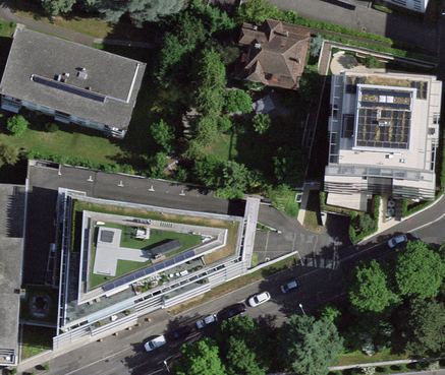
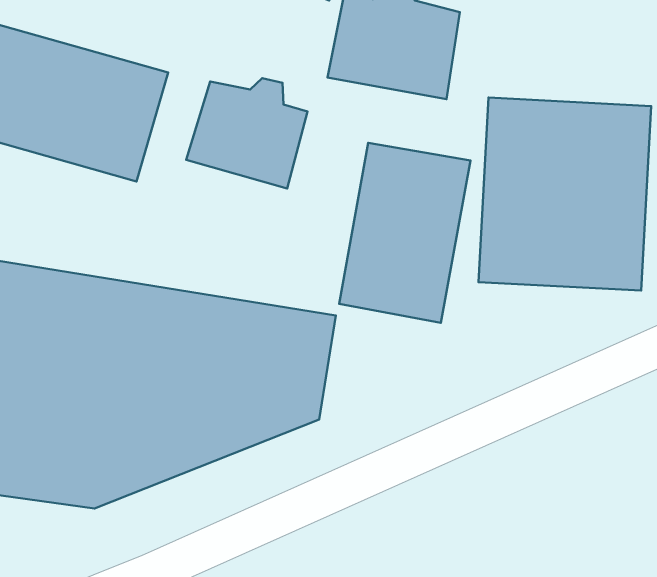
building: none -> [186,78,308,188]
building: none -> [339,143,471,323]

